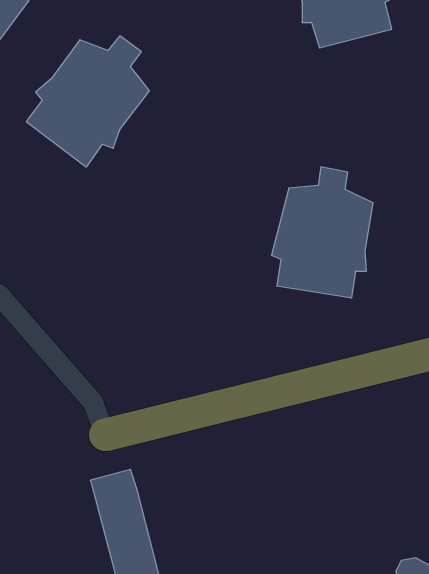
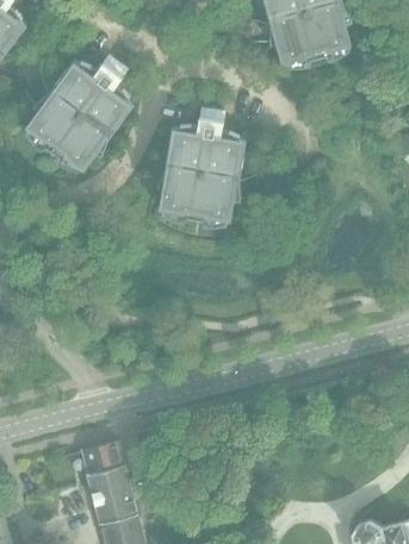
building: [271,167,373,298] -> [156,108,247,225]

